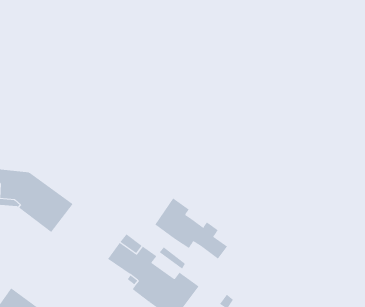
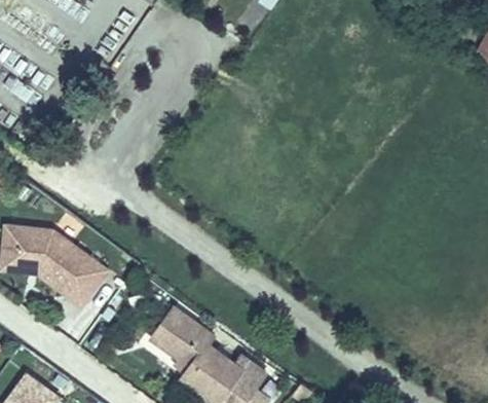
building: [155,197,228,260] -> none

